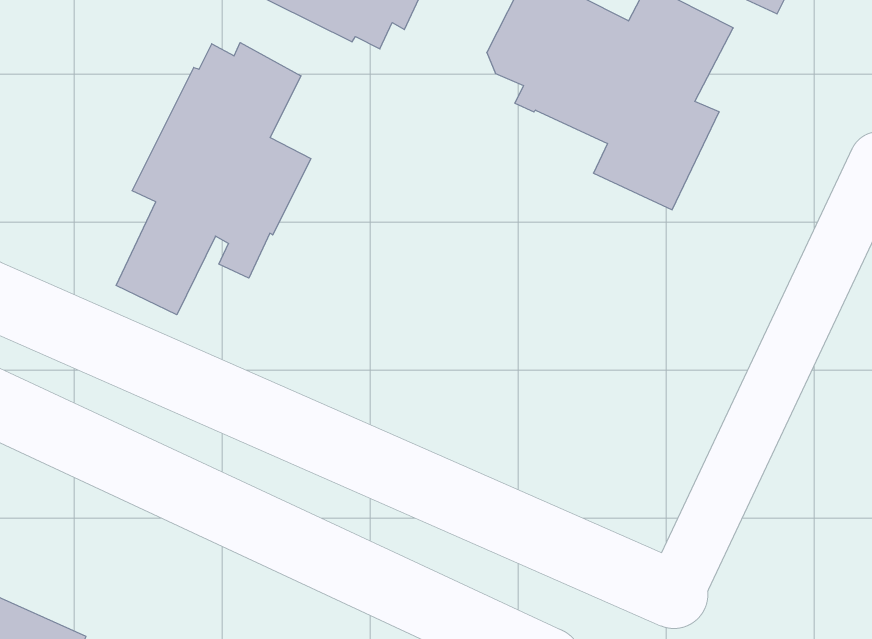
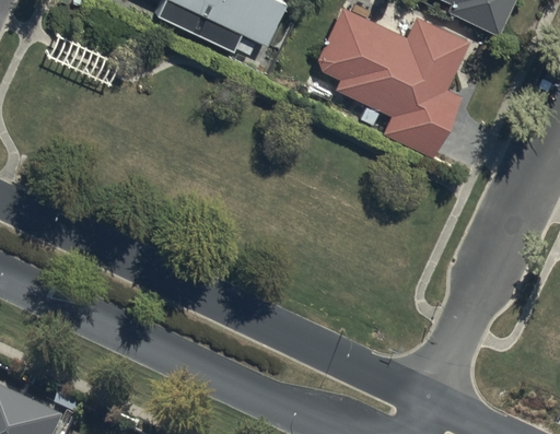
building: [116,43,311,315] -> none

